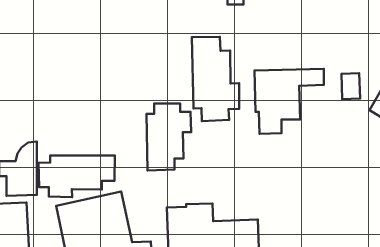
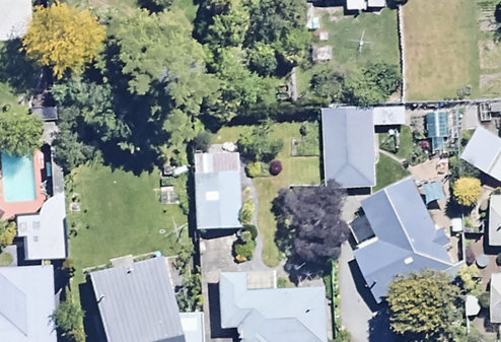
building: [192,37,239,121] -> none
building: none -> [355,177,461,305]
building: [39,156,115,197] -> none

